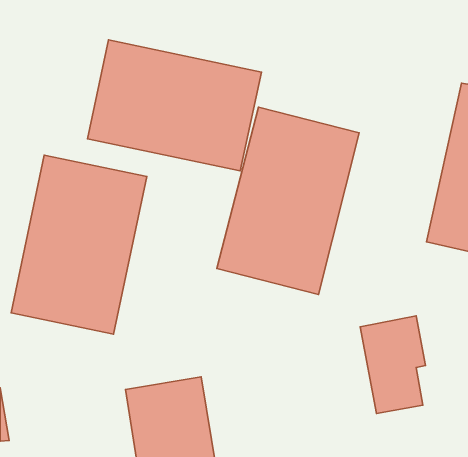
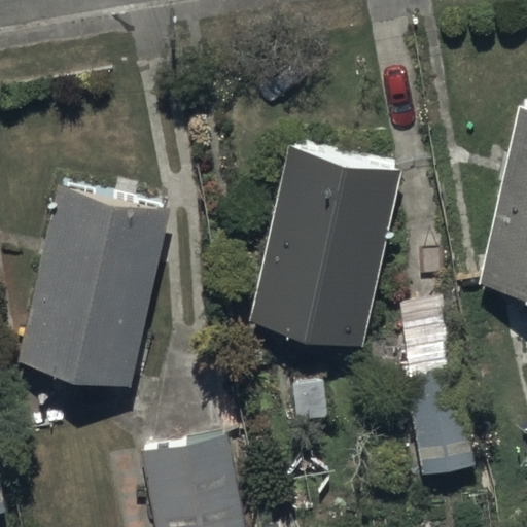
building: [87,40,261,171] -> none

